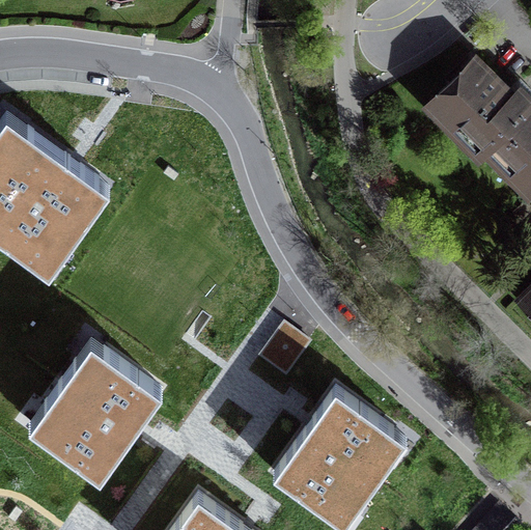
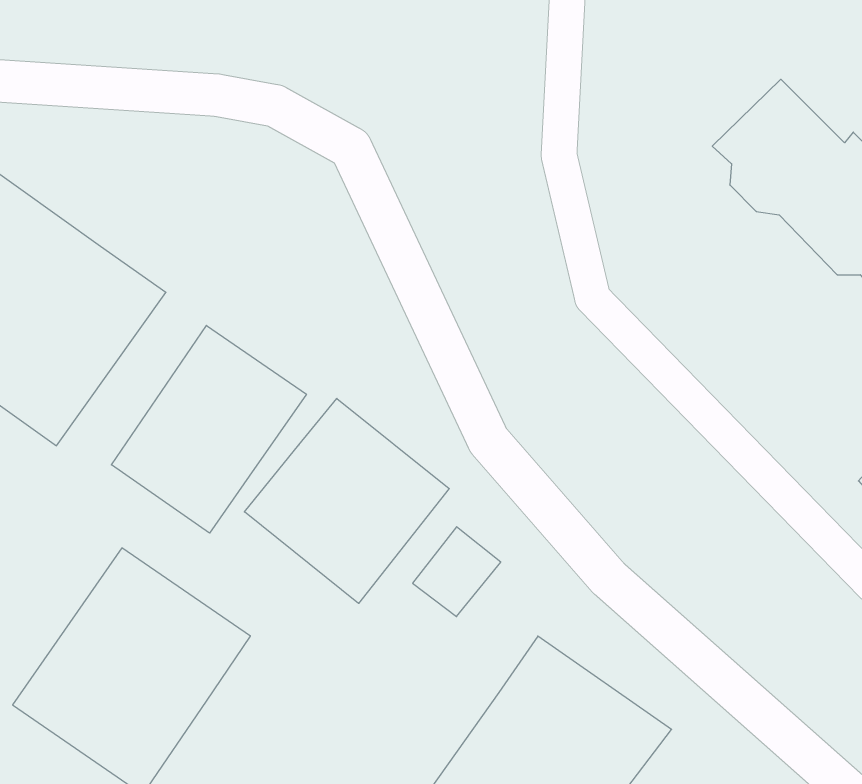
building: none -> [111,325,306,533]
building: none -> [244,398,449,603]

